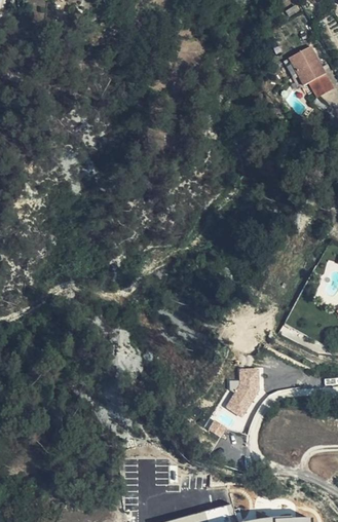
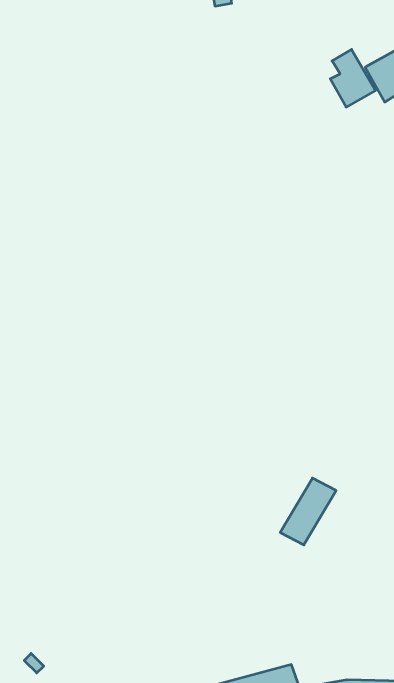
building: none -> [330,49,375,107]

